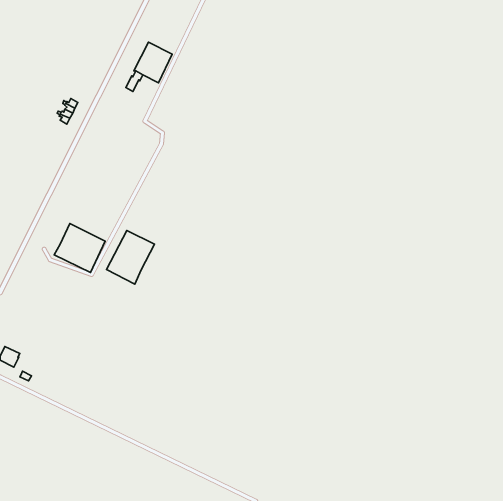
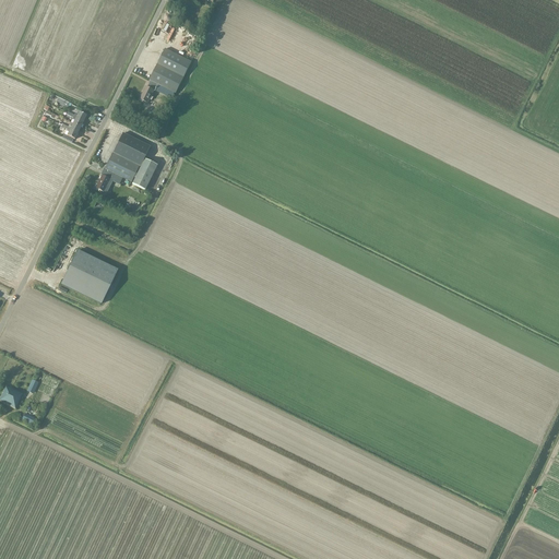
building: none -> [95,131,157,190]
building: [106,230,155,284] -> none

